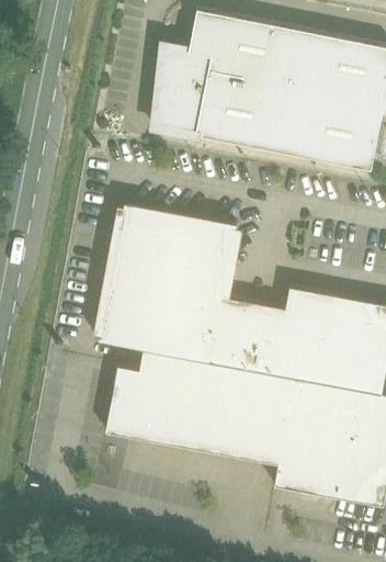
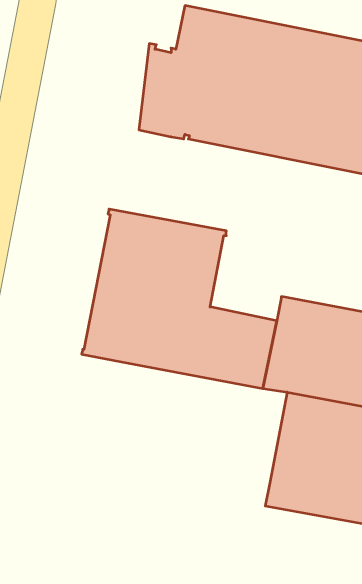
building: [105,350,294,464] -> none

